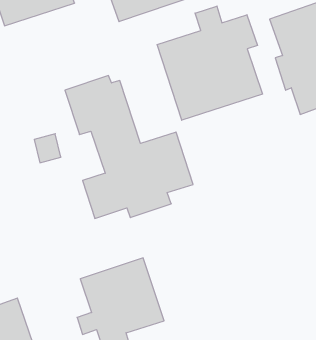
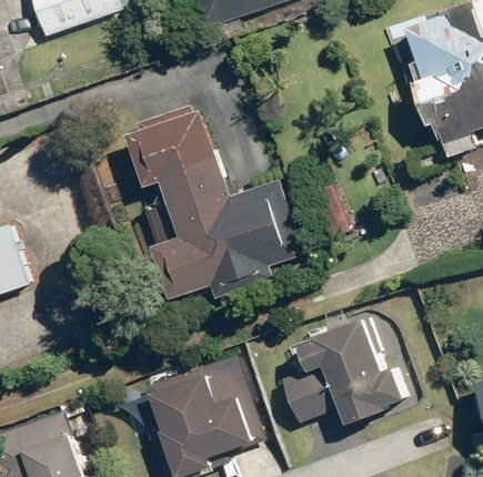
building: [157,6,263,120] -> none
building: none -> [282,315,405,426]

